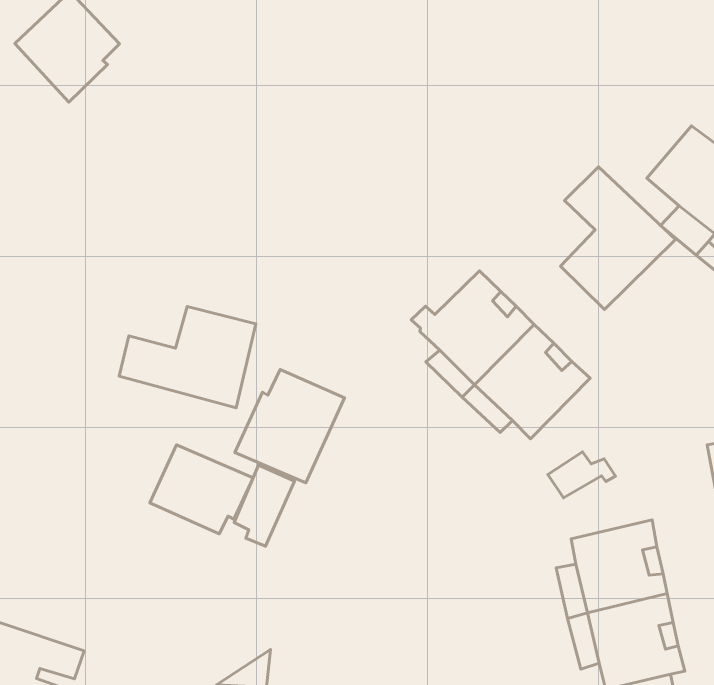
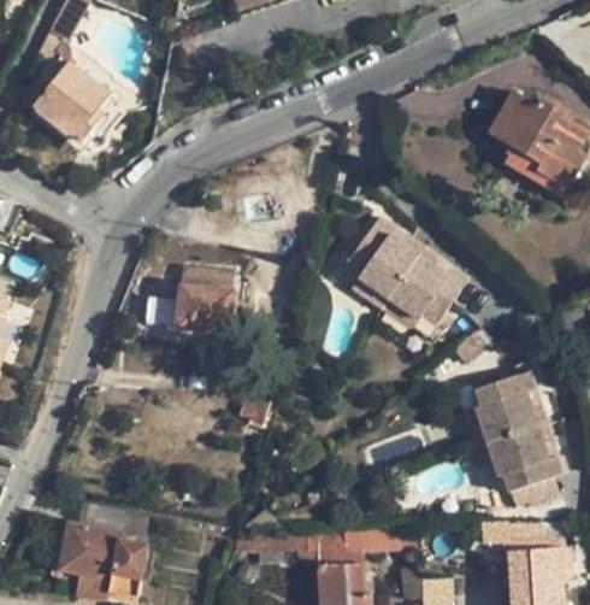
building: [561,167,676,310] -> none
building: [235,369,345,483] -> none
building: [150,445,253,534] -> none

